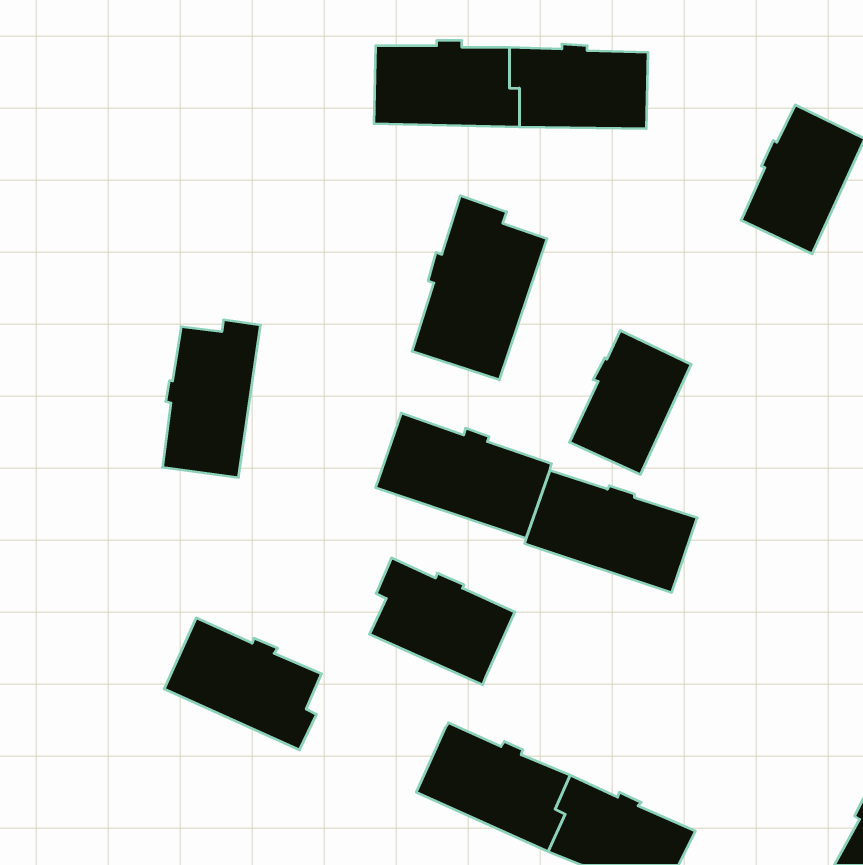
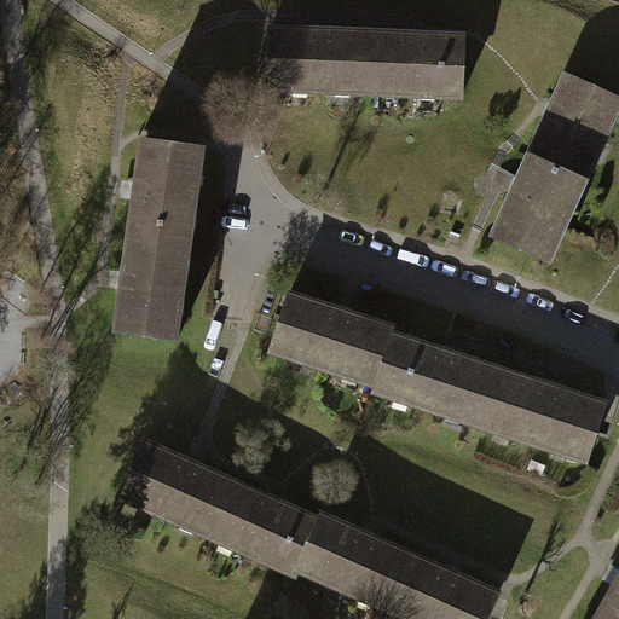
building: none -> [131,138,199,237]
building: [412,196,547,380] -> none
building: [569,331,691,474] -> [494,157,582,260]
building: none -> [481,370,604,458]
building: [369,558,515,685] -> [215,481,319,572]

